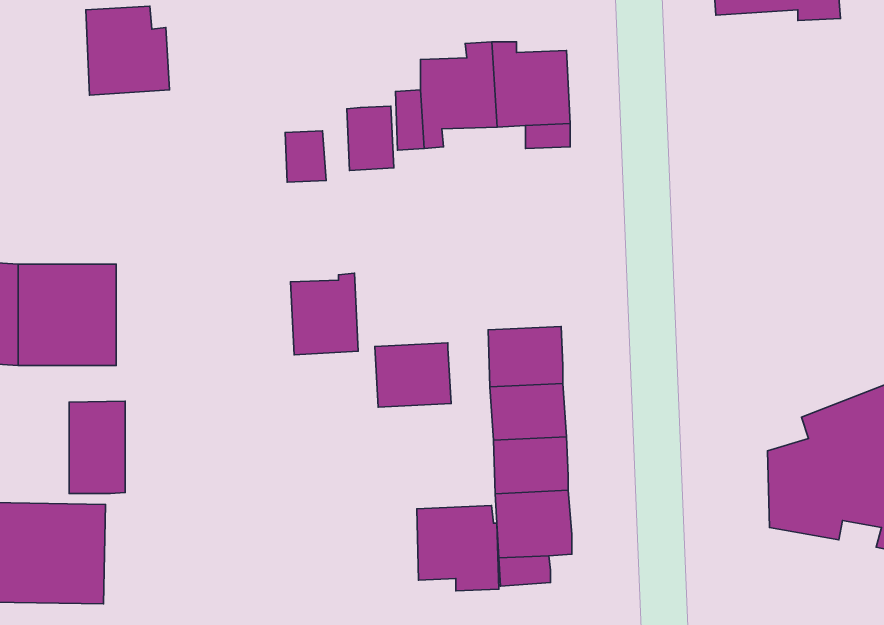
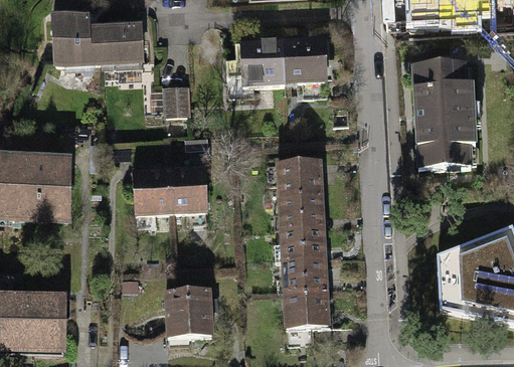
building: none -> [99,23,143,68]
building: none -> [410,62,471,166]
building: [347,106,394,171] -> none
building: none -> [132,167,171,212]
building: [375,343,451,407] -> [279,160,322,196]
building: [69,401,125,494] -> none
building: [417,505,499,591] -> [167,287,213,335]

